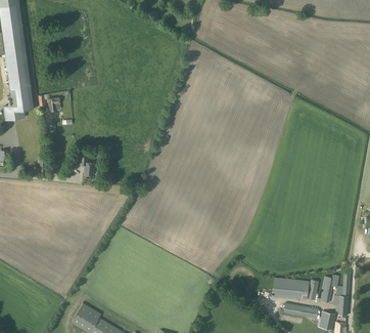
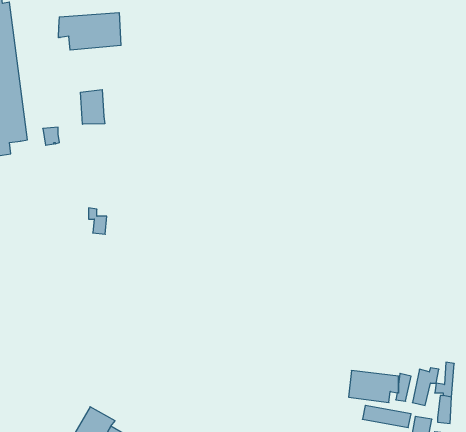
building: none -> [58,13,121,50]
building: none -> [81,90,105,124]

